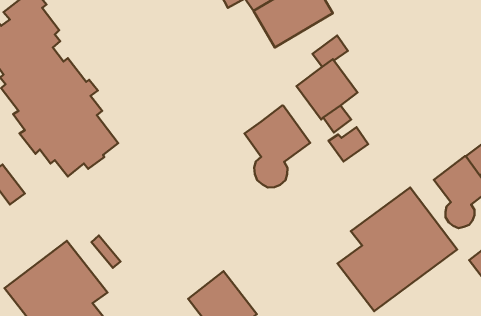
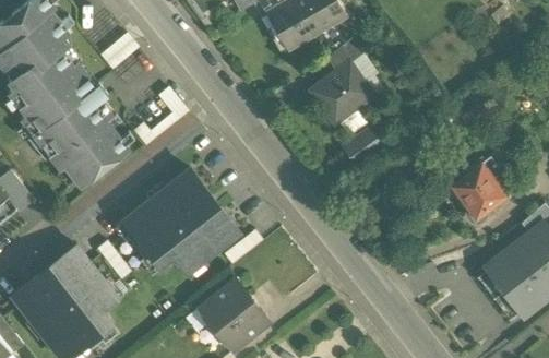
building: [245,105,310,187] -> none
building: none -> [114,168,239,277]
building: [337,188,457,311] -> none

